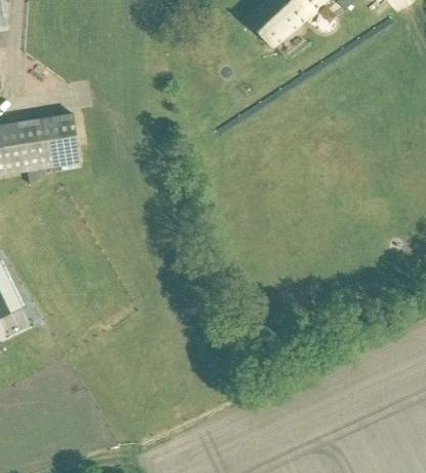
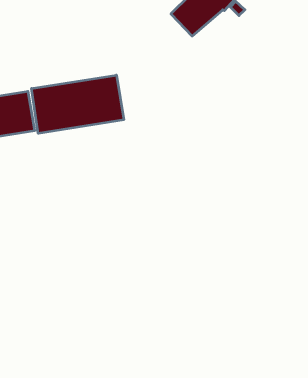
building: none -> [32,75,124,133]

